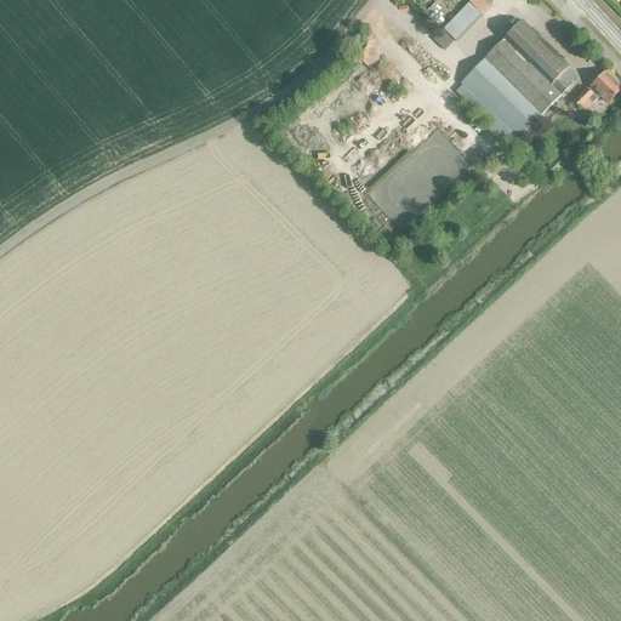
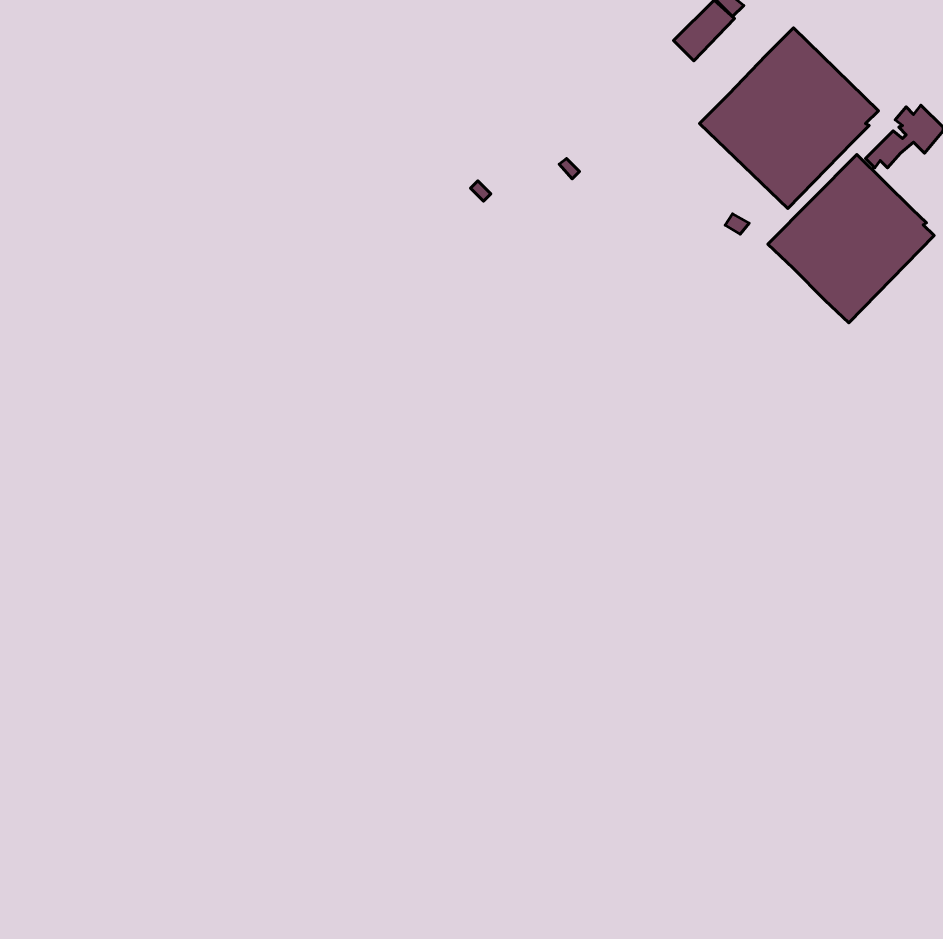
building: none -> [768,155,934,323]

